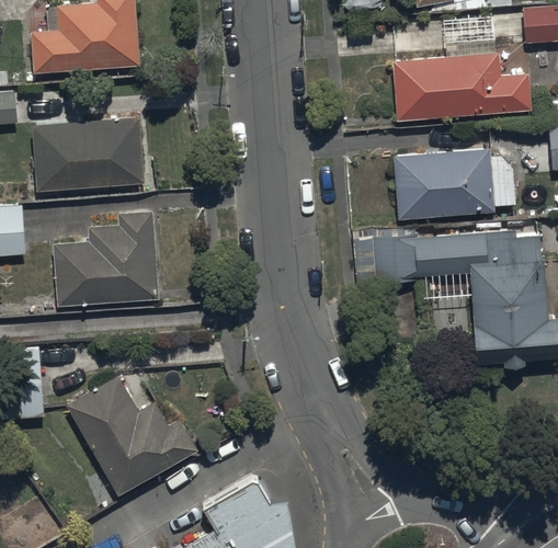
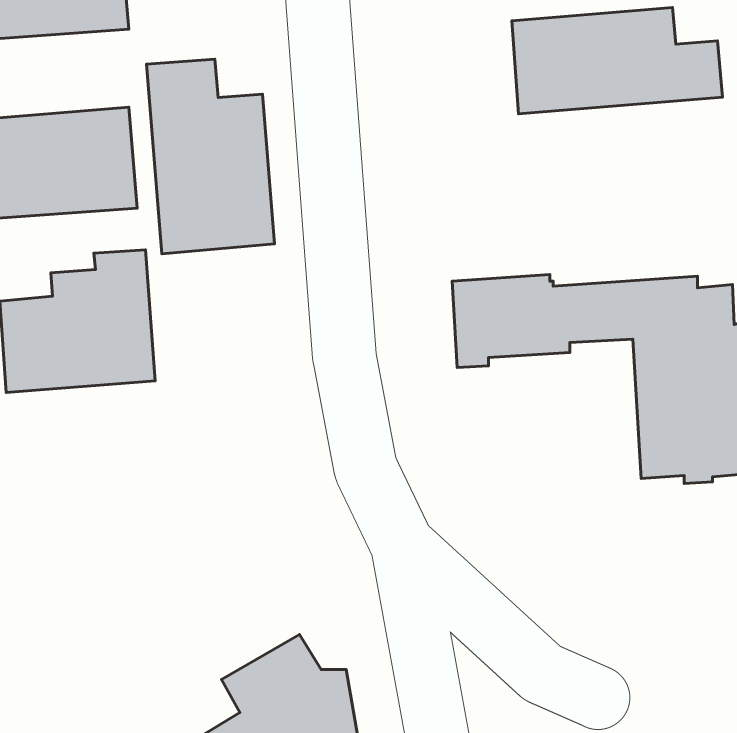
building: none -> [146,59,274,254]
building: [394,149,515,219] -> none
building: [67,376,196,495] -> none

